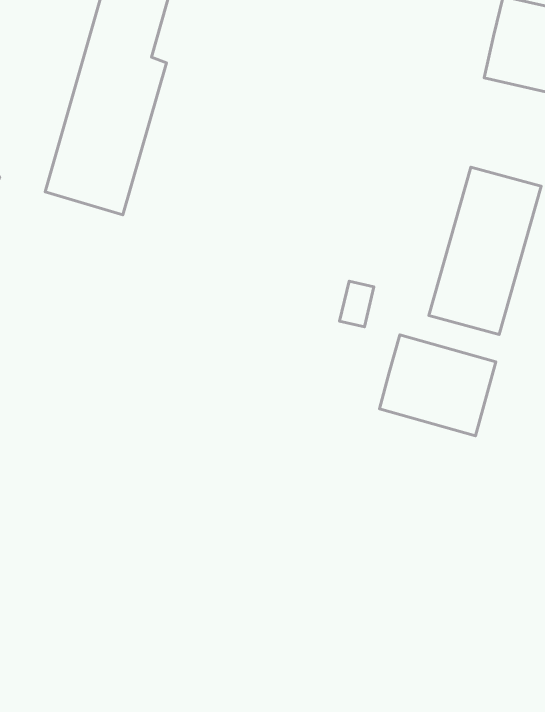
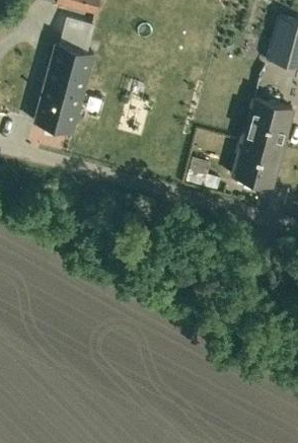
building: [380,335,496,436] -> none

